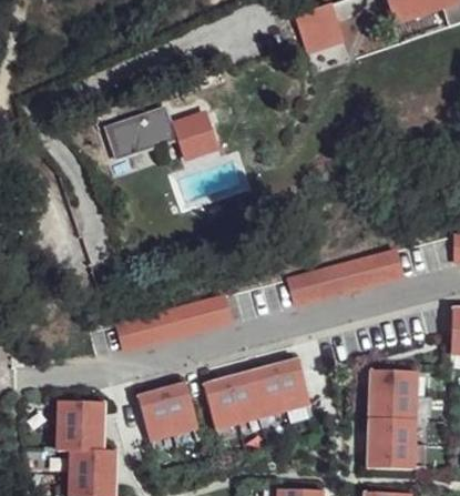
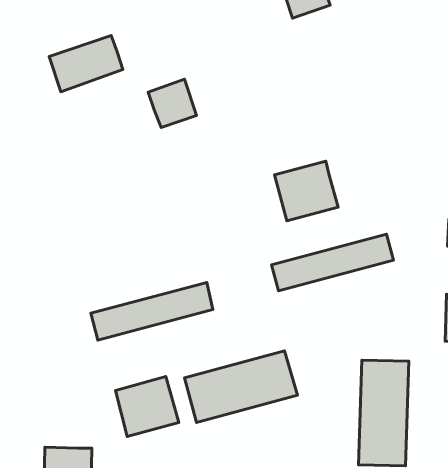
building: [105,101,175,154] -> [49,35,123,92]
building: none -> [275,161,338,221]
building: [59,404,104,453] -> none

